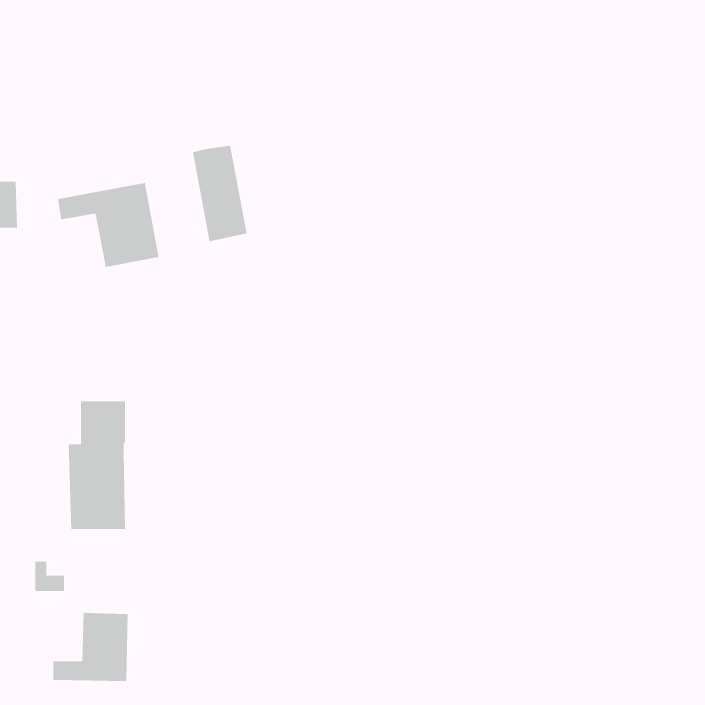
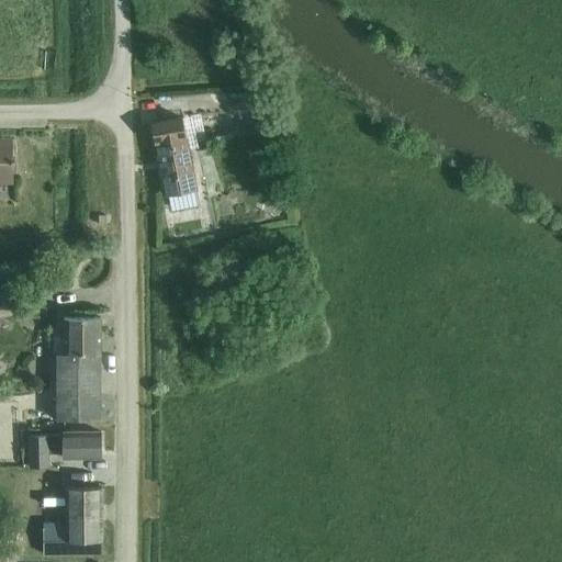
building: [57,182,159,268] -> none
building: none -> [55,432,101,468]

